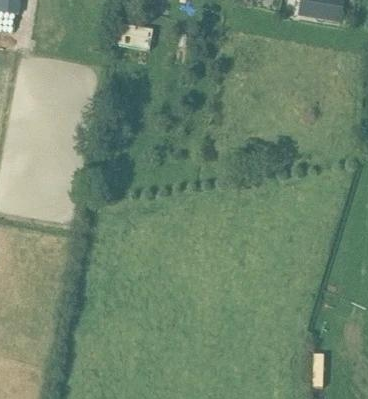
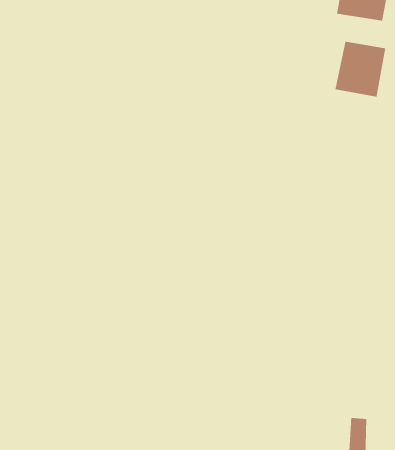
building: none -> [335,41,386,97]

